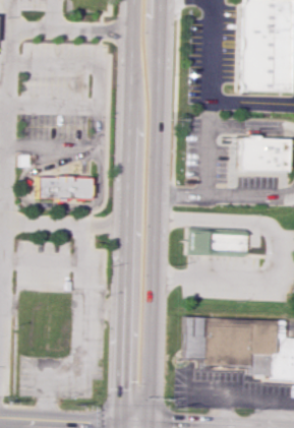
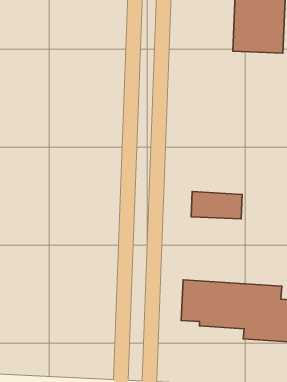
building: [237,138,287,173] -> none
building: [41,175,92,196] -> none

